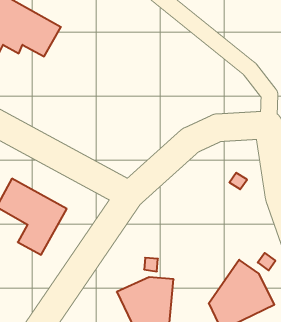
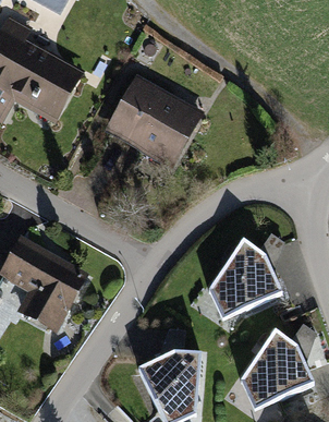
building: none -> [112,81,194,160]
building: none -> [208,241,281,319]

